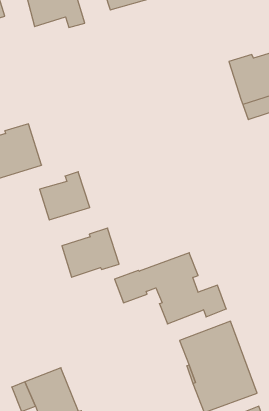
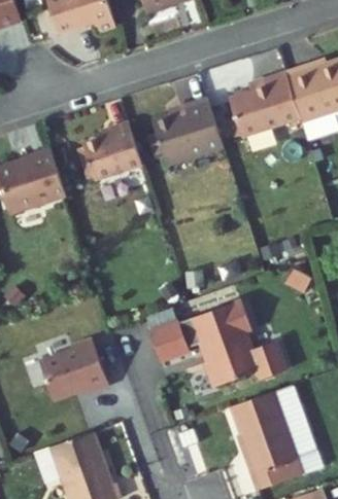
building: none -> [228,75,300,139]
building: none -> [150,101,224,169]
building: [40,172,90,220] -> [83,124,142,181]
building: [62,228,119,277] -> [43,337,110,395]

